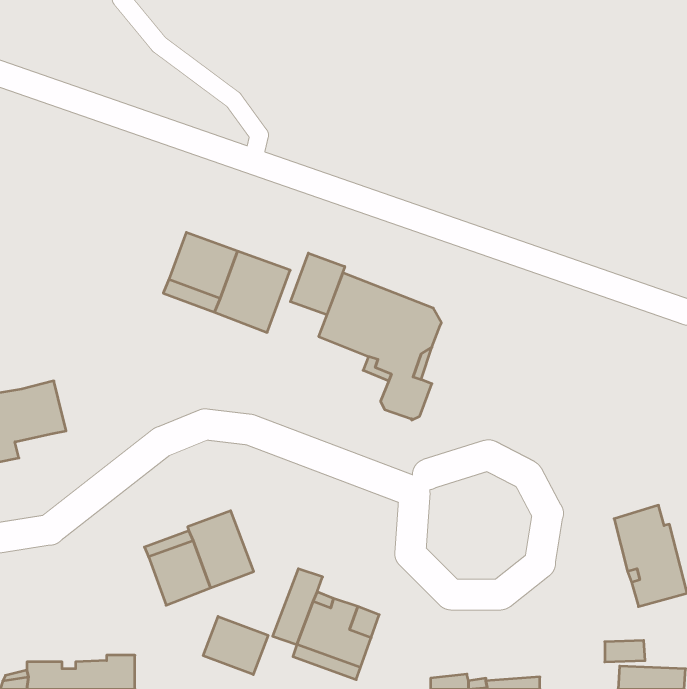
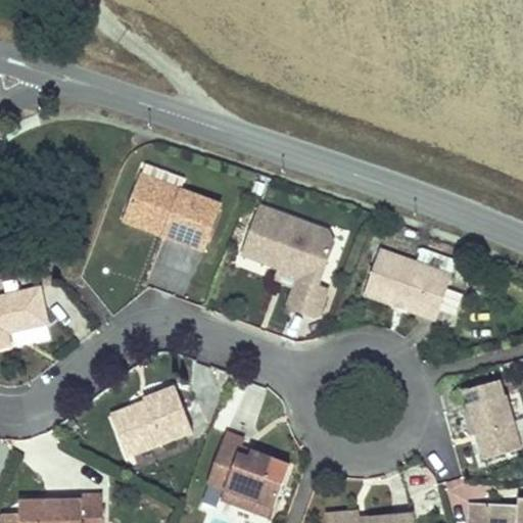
building: [290,253,345,315] -> none
building: none -> [364,250,450,320]
building: [203,616,268,675] -> none

